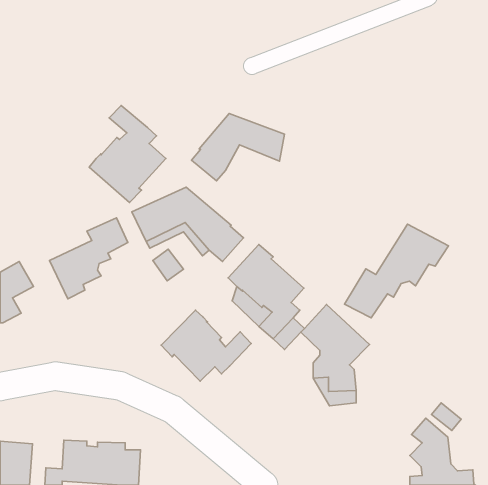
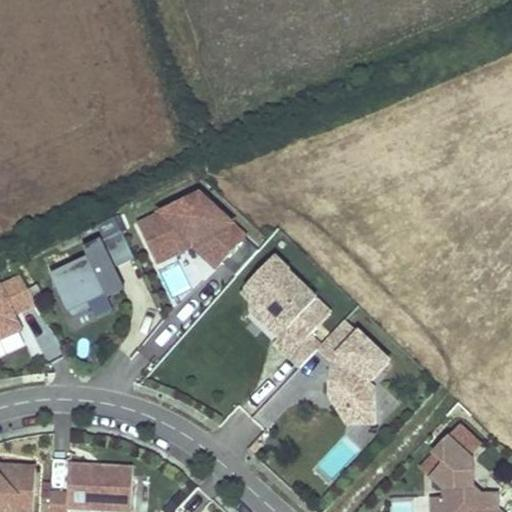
building: [89,105,166,203] -> none
building: [191,113,285,181] -> none
building: [345,224,449,318] -> none
building: [161,310,251,381] -> none

